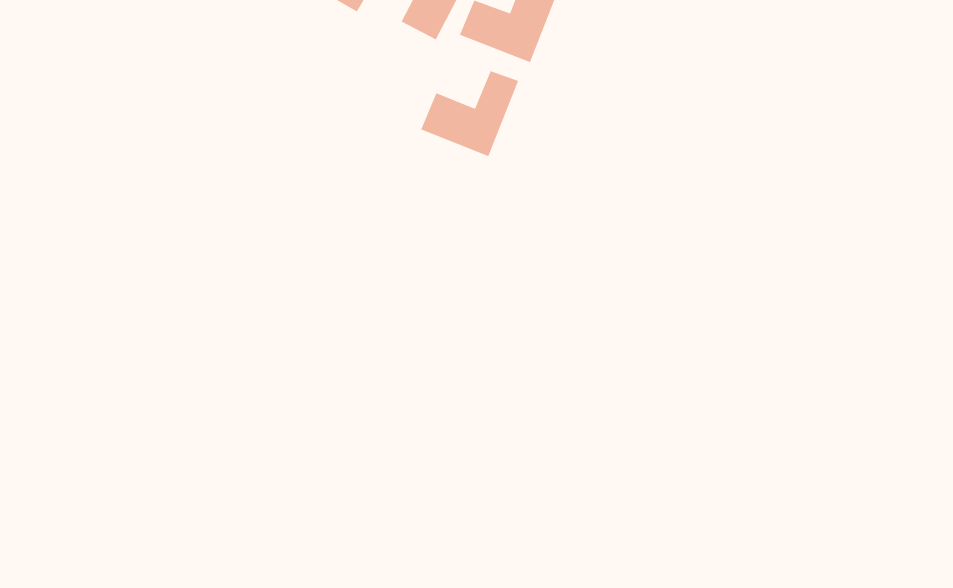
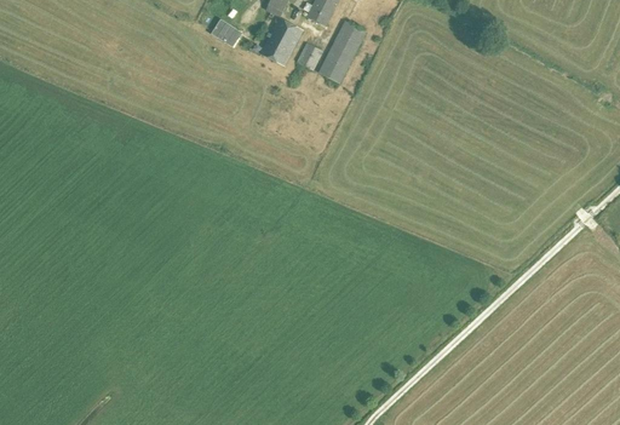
building: [420,70,519,157] -> none

